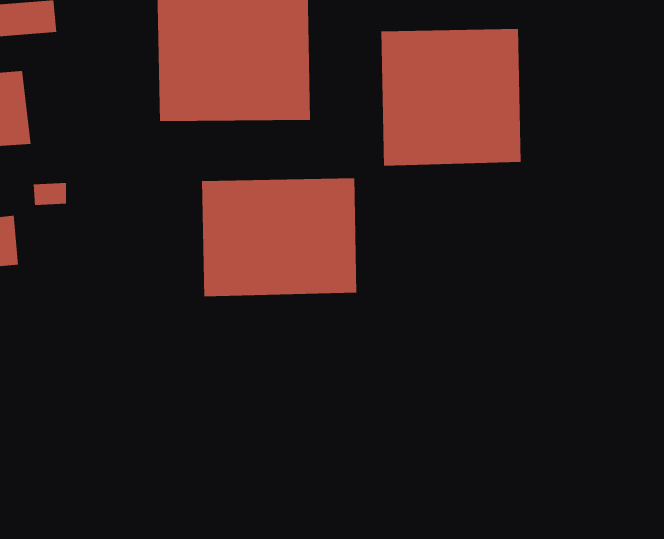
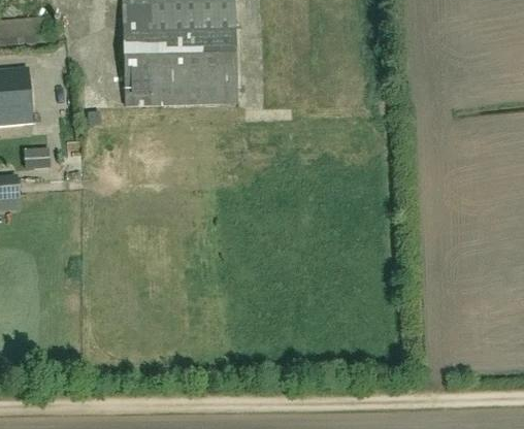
building: [381,28,521,166] -> none
building: [202,178,357,297] -> none

